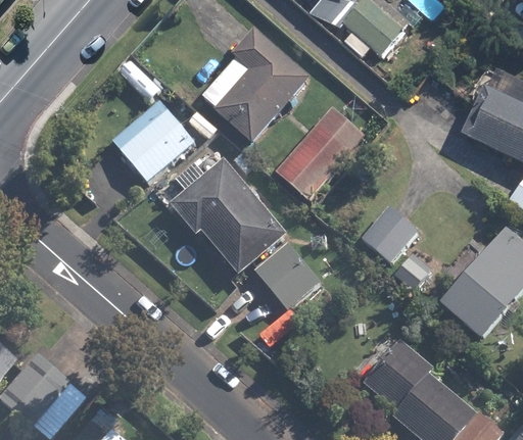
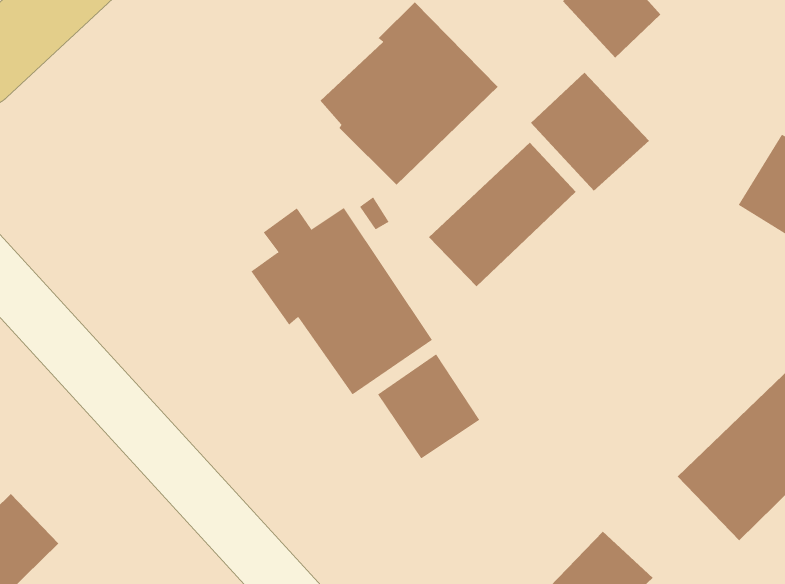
building: none -> [530,72,650,192]
building: [110,98,195,182] -> none
building: [361,205,417,261] -> none

